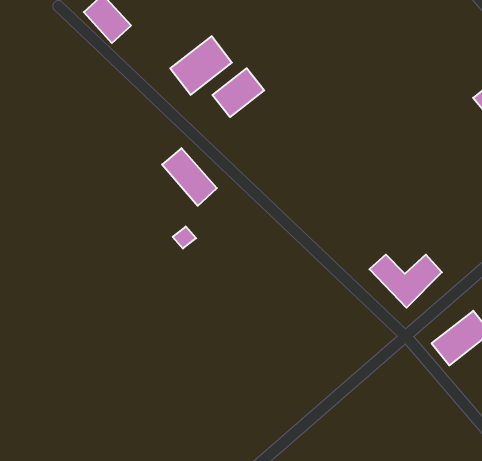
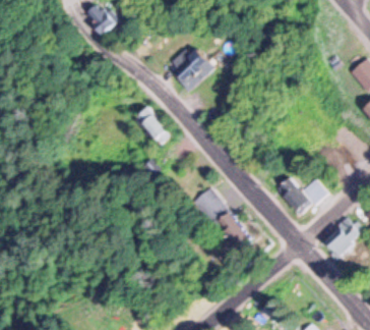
building: [170,36,232,95] -> none
building: none -> [195,188,248,246]

